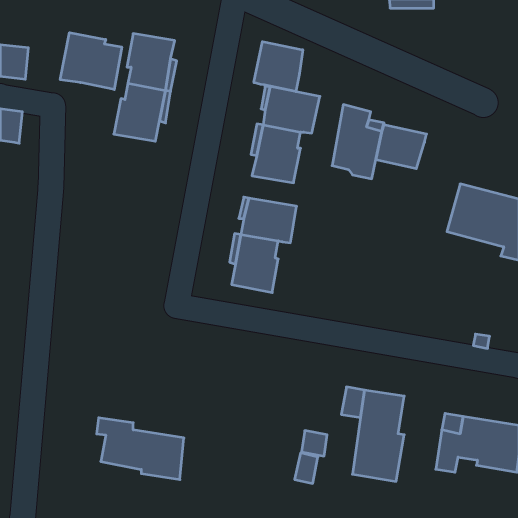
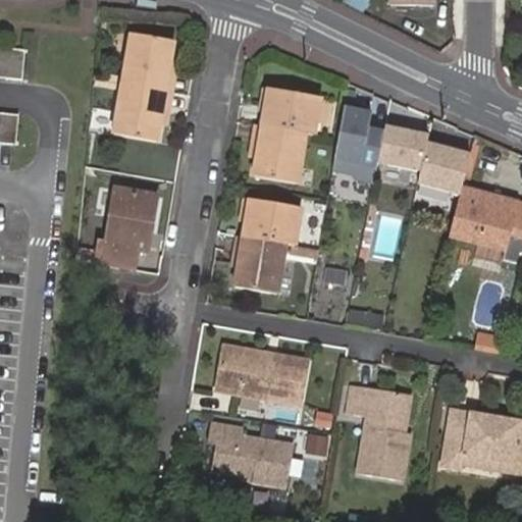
building: [60,33,122,90] -> none
building: [254,42,303,92] -> none
building: none -> [416,143,470,192]
building: none -> [96,189,158,268]
building: none -> [215,345,307,400]
building: [97,418,184,480] -> [207,421,295,483]

